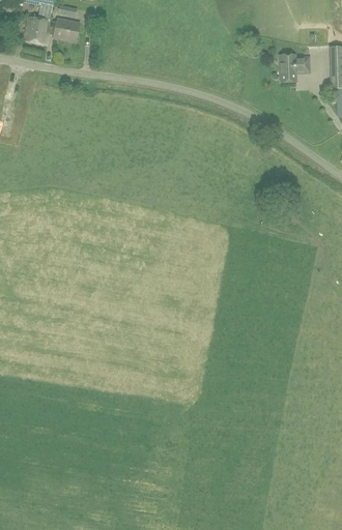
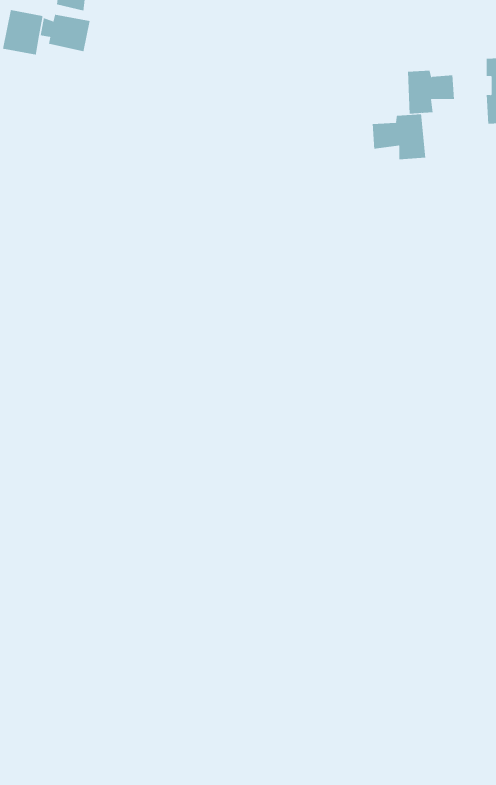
building: none -> [372,113,426,160]

